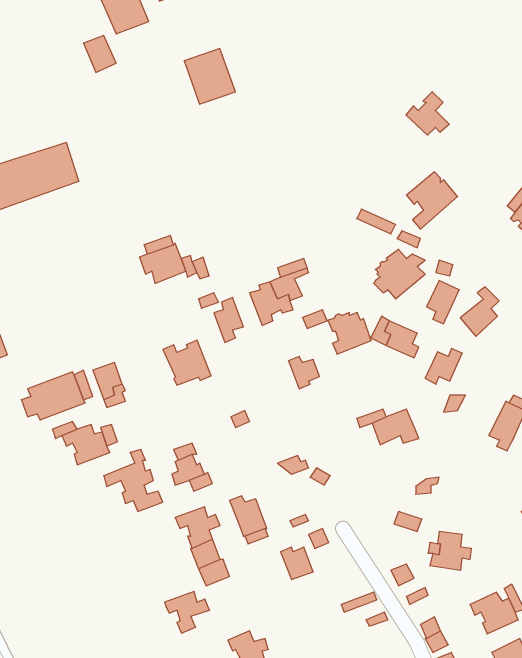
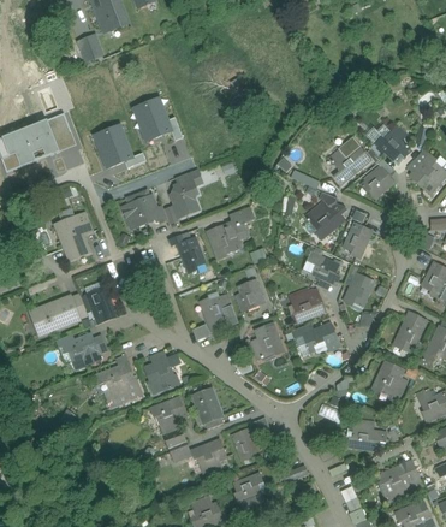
building: [184,48,235,104] -> [131,97,171,141]
building: [406,92,449,135] -> [376,125,410,159]
building: none -> [94,124,133,168]
building: none -> [171,168,202,217]
building: none -> [54,212,91,260]
building: [460,287,499,336] -> [363,159,393,197]
building: [328,312,371,354] -> [290,289,323,321]
building: [163,340,211,385] -> [200,294,237,328]
building: none -> [250,326,283,357]
building: none -> [373,365,405,396]
building: [165,591,210,633] -> [191,442,226,474]
building: none -> [234,473,262,507]

